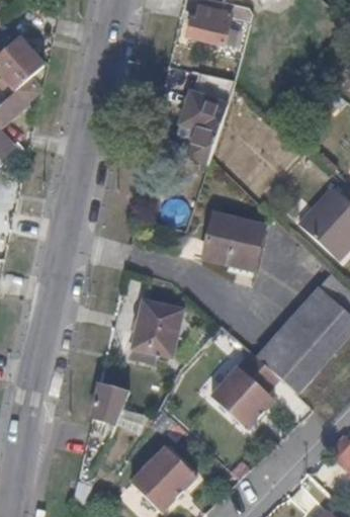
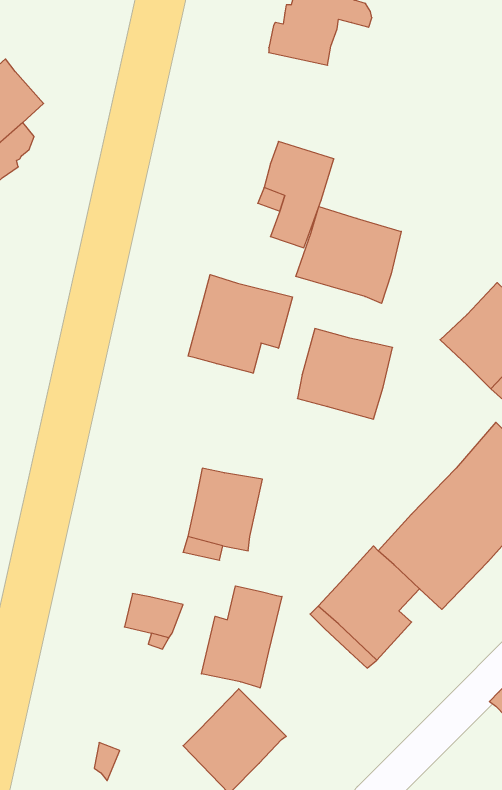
building: none -> [296,206,401,303]
building: none -> [188,275,292,373]
building: none -> [201,586,282,688]

